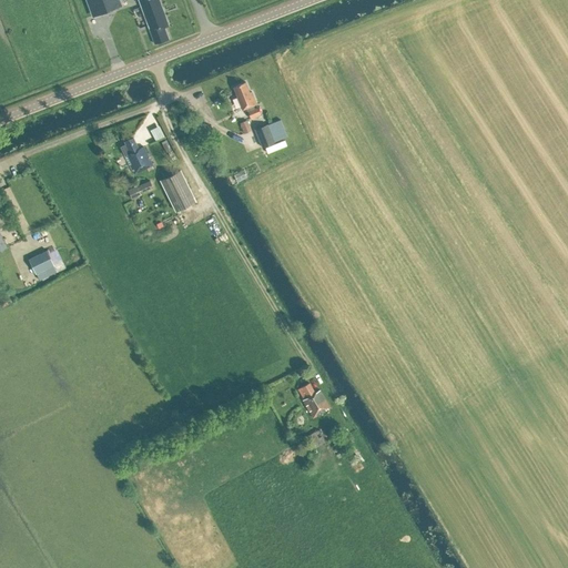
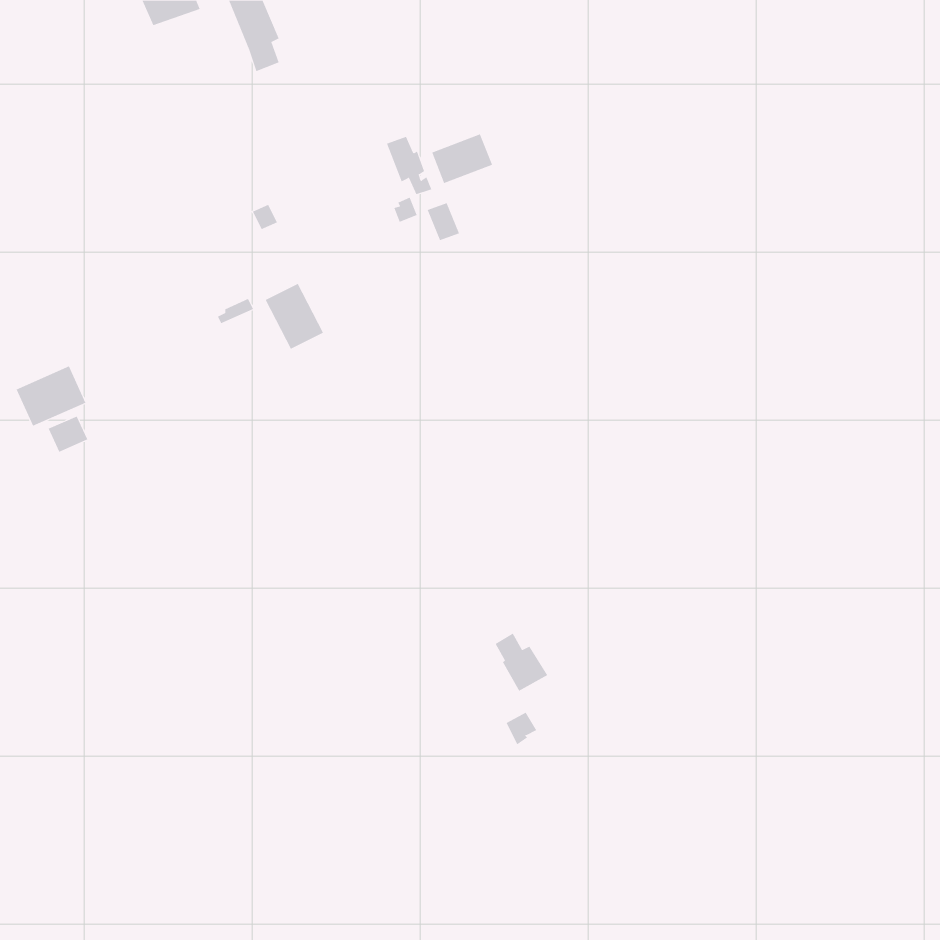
building: none -> [431,134,493,184]
building: [121,138,152,173] -> none
building: none -> [16,366,86,427]

